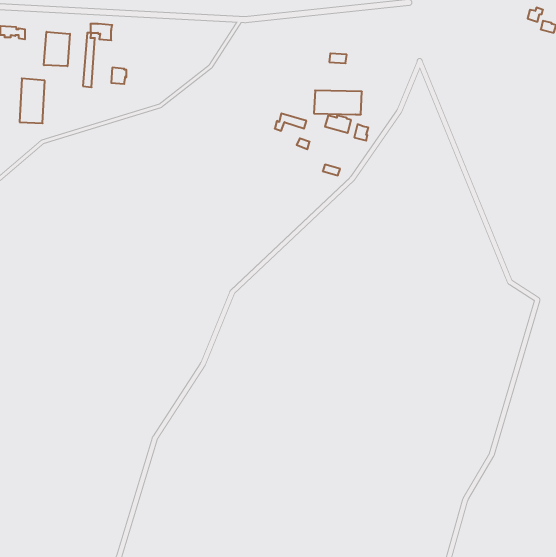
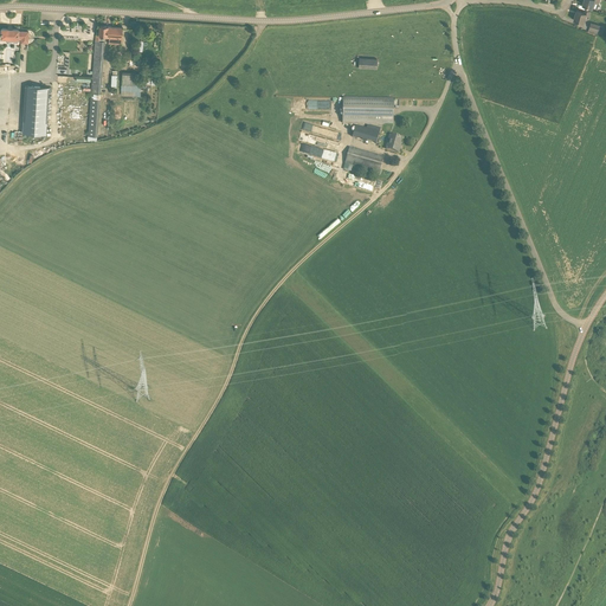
building: [44,32,70,66] -> none
building: none -> [343,148,382,174]

